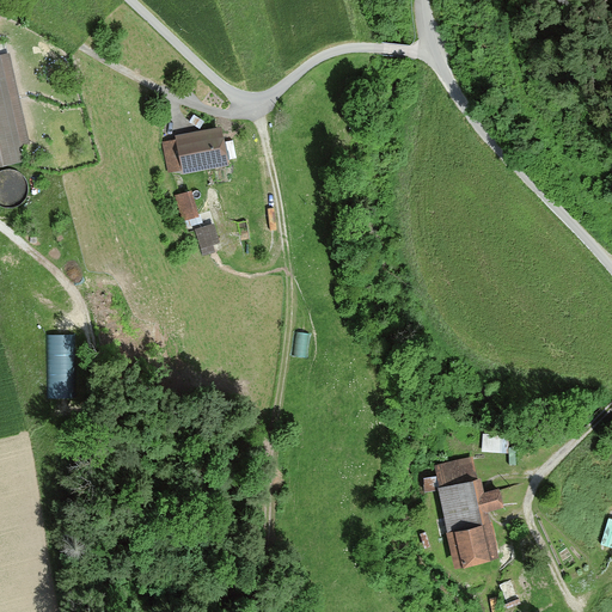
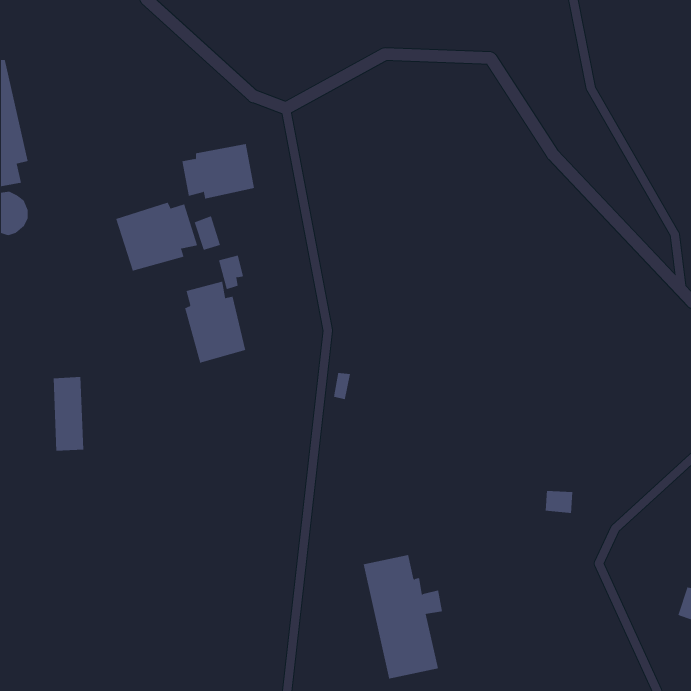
building: none -> [115,202,198,272]
building: none -> [185,281,246,363]
building: [430,457,501,567] -> [363,555,443,679]

